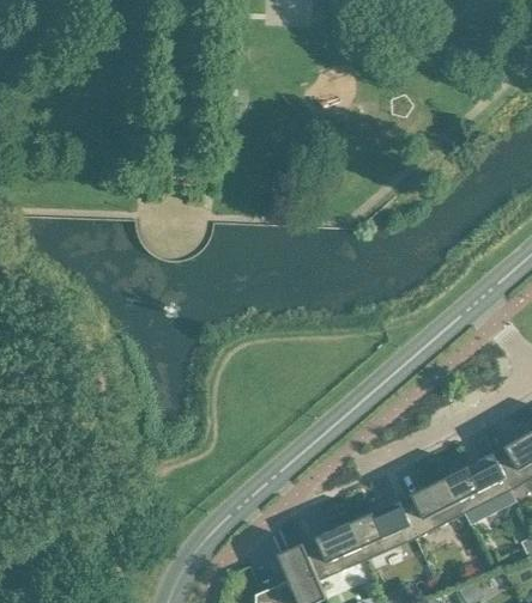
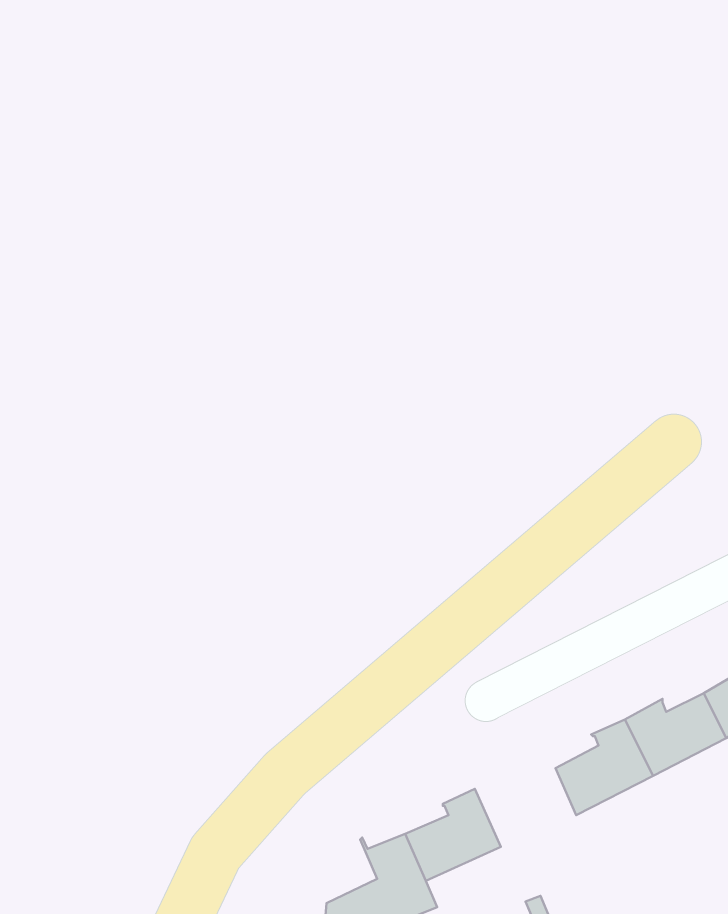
building: [349,508,413,559] -> none

